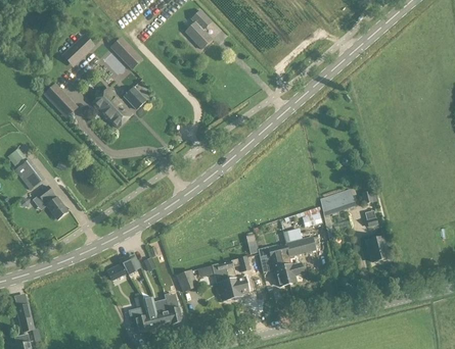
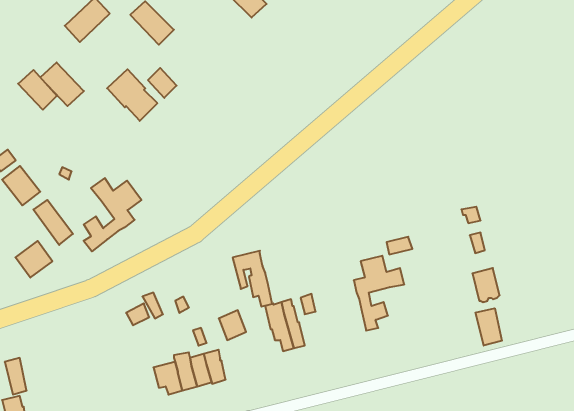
building: none -> [18,70,57,110]
building: none -> [84,178,141,251]
building: [319,190,354,215] -> none
building: none -> [15,241,52,278]
building: [257,244,286,286] -> [233,251,272,307]
building: none -> [475,308,502,346]

